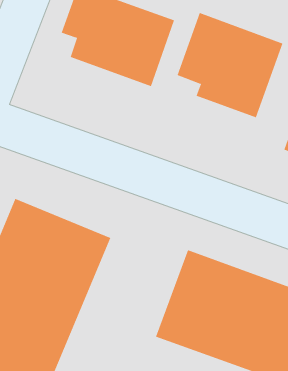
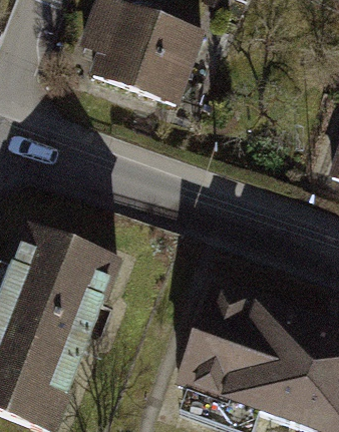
building: [177,12,283,118] -> none

